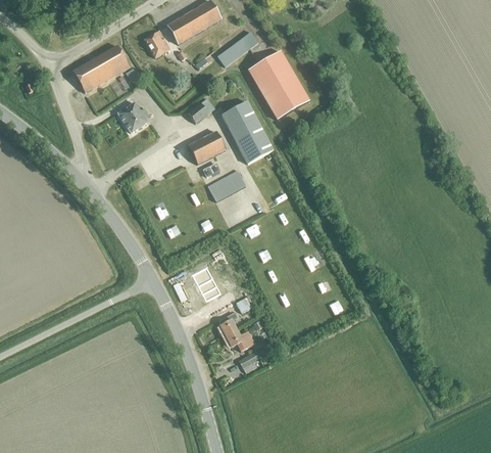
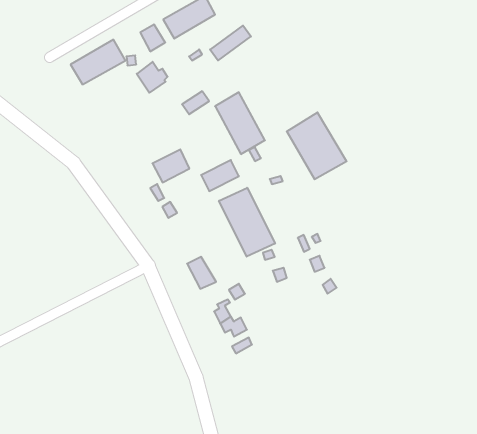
building: [247,49,308,118] -> [287,112,347,179]
building: [118,101,150,133] -> [137,62,168,93]
building: [187,131,225,165] -> [152,149,189,182]
building: none -> [219,188,275,257]

